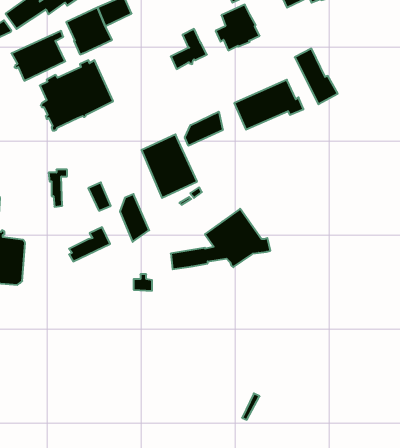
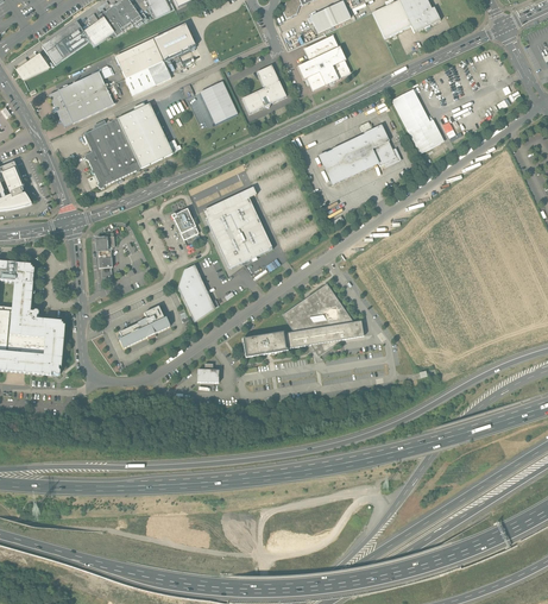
building: none -> [199,80,237,122]
building: [185,112,223,146] -> none
building: [88,182,111,211] -> [170,206,197,240]

